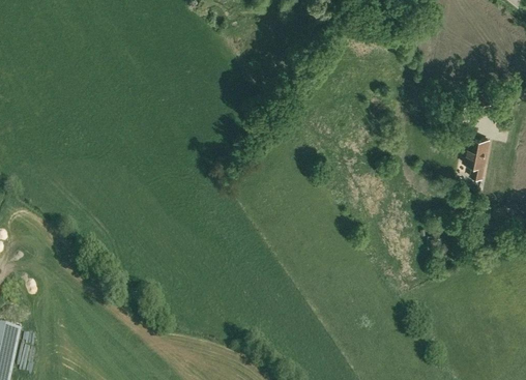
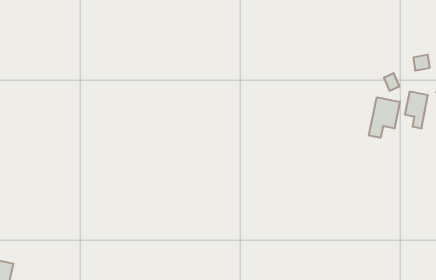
building: none -> [369,97,400,138]

